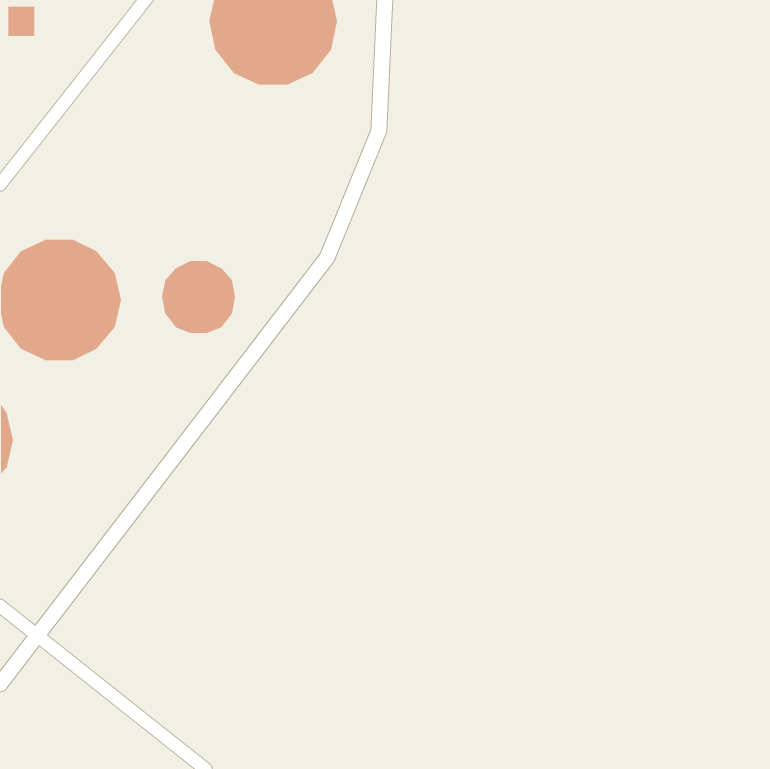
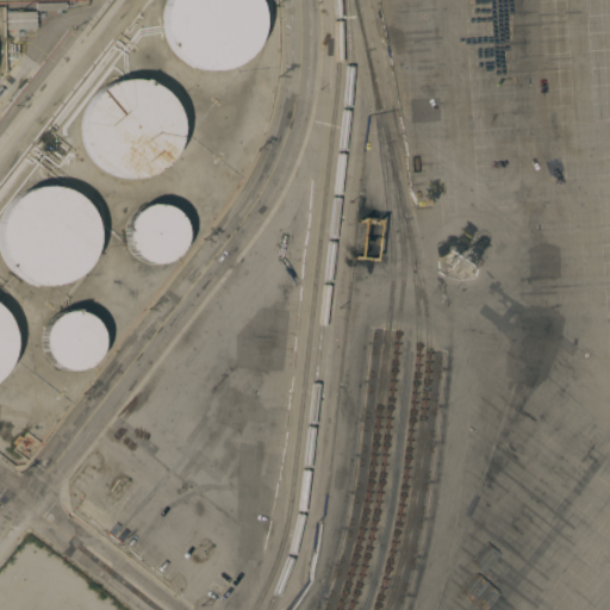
building: none -> [86,76,188,175]
building: none -> [48,313,106,371]

